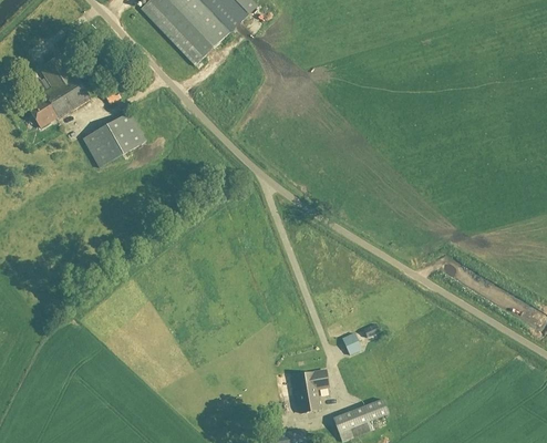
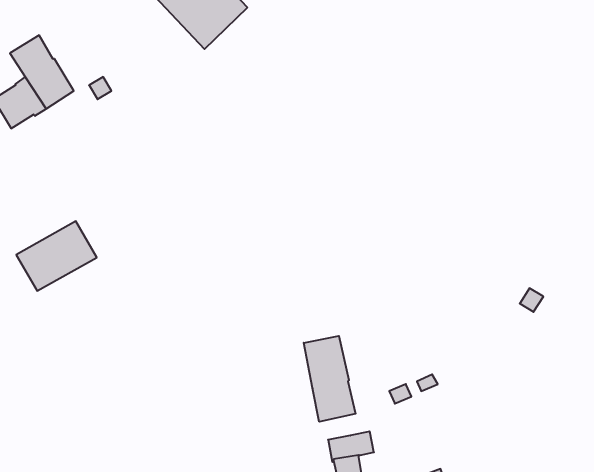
building: [83,112,147,167] -> [16,221,97,291]
building: none -> [304,336,356,422]

